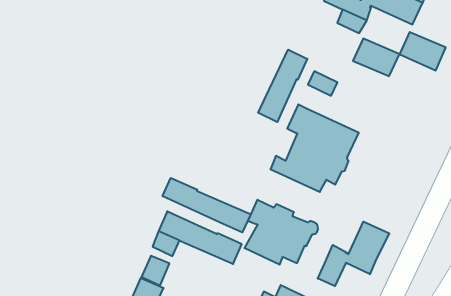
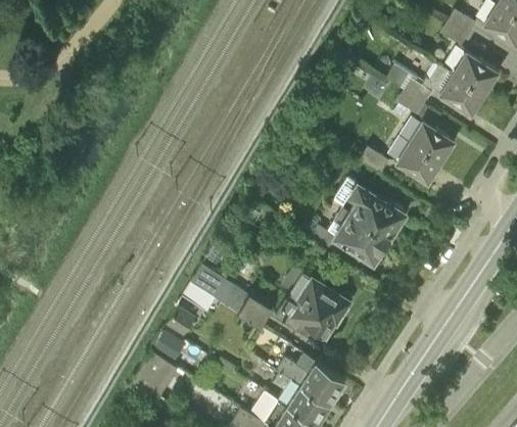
building: [399,32,446,71] -> [395,142,442,184]
building: [258,50,307,122] -> none
building: [163,178,251,232] -> none
building: [318,222,389,286] -> none

